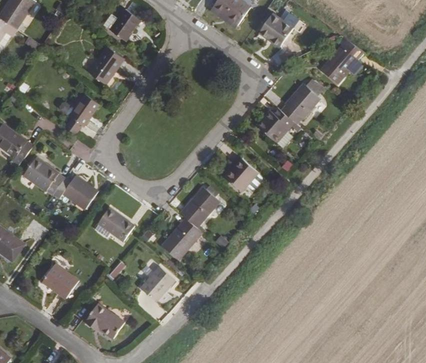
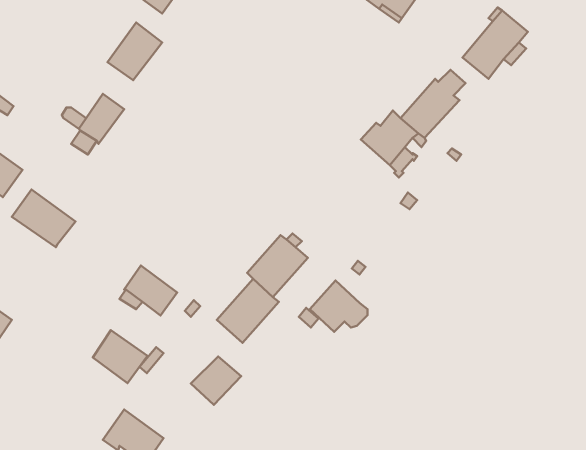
building: [224,158,262,192] -> [310,280,367,332]
building: [54,175,98,209] -> none
building: [42,263,78,298] -> [93,330,147,383]

